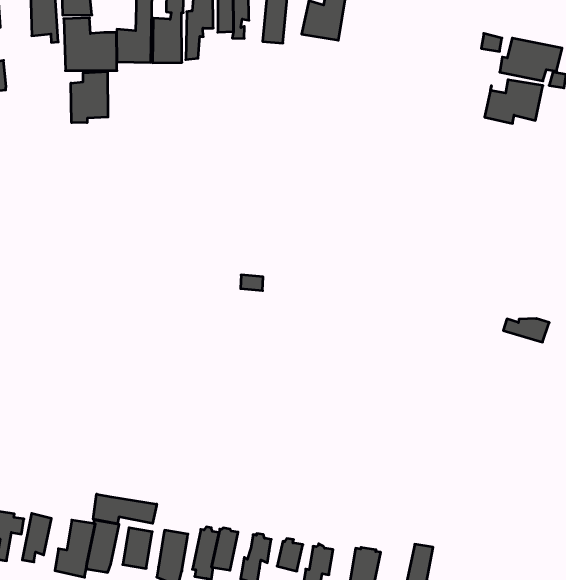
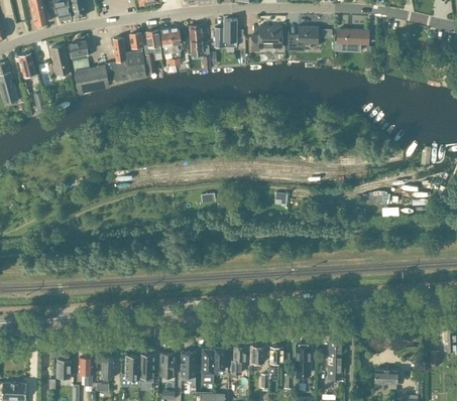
building: none -> [251,26,281,51]
building: [71,72,108,123] -> none
building: [485,80,543,123] -> [288,26,319,51]
building: [93,494,157,524] -> none

